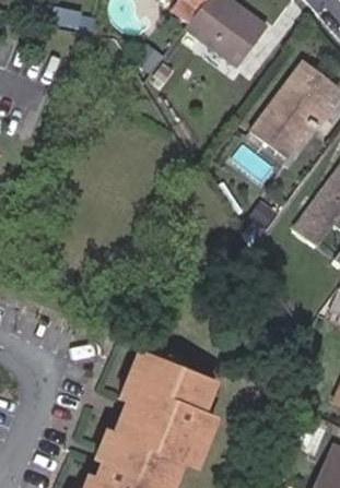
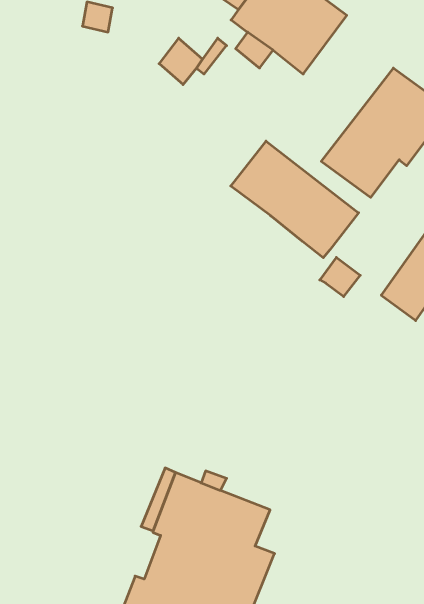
building: none -> [231,141,359,258]

